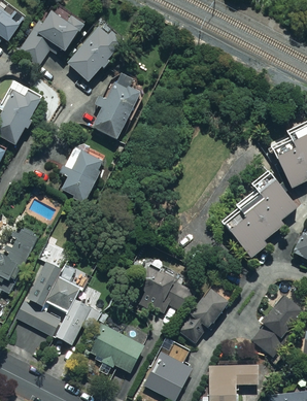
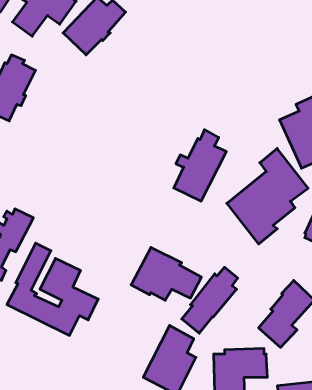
building: [92,73,141,140] -> [174,130,226,201]
building: [57,140,103,203] -> none
building: [84,322,144,373] -> none

